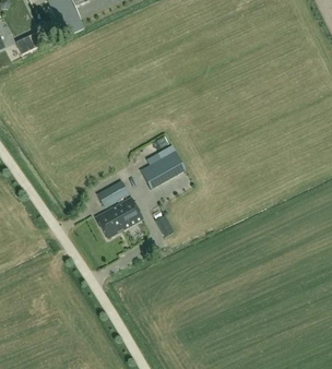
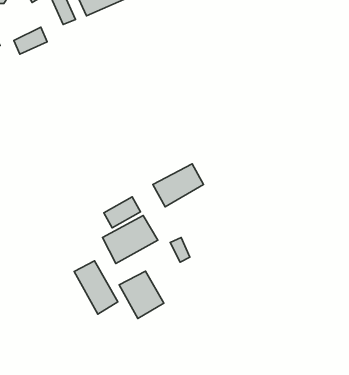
building: none -> [74,261,118,314]
building: none -> [119,271,164,319]

